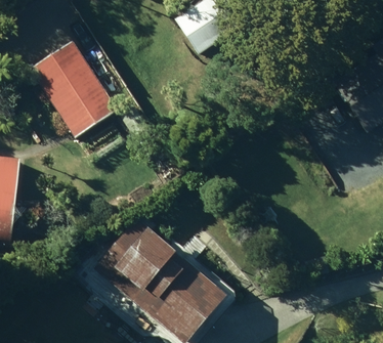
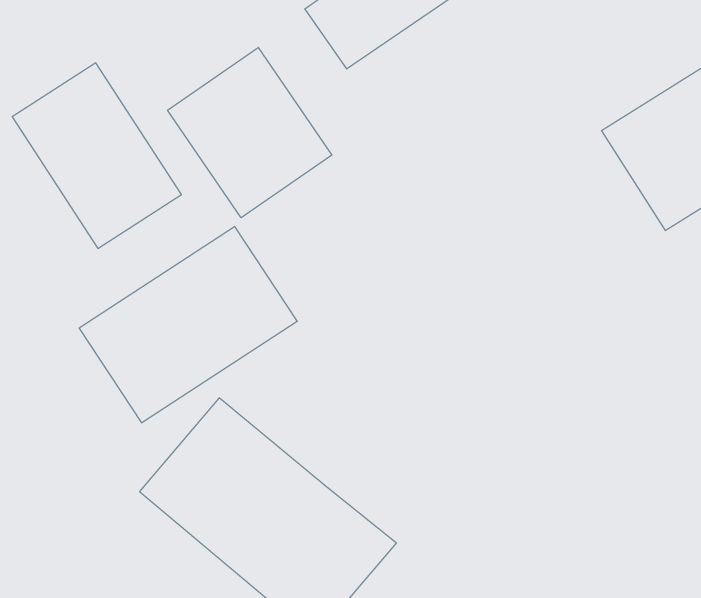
building: none -> [168,47,332,218]
building: none -> [79,226,297,423]

